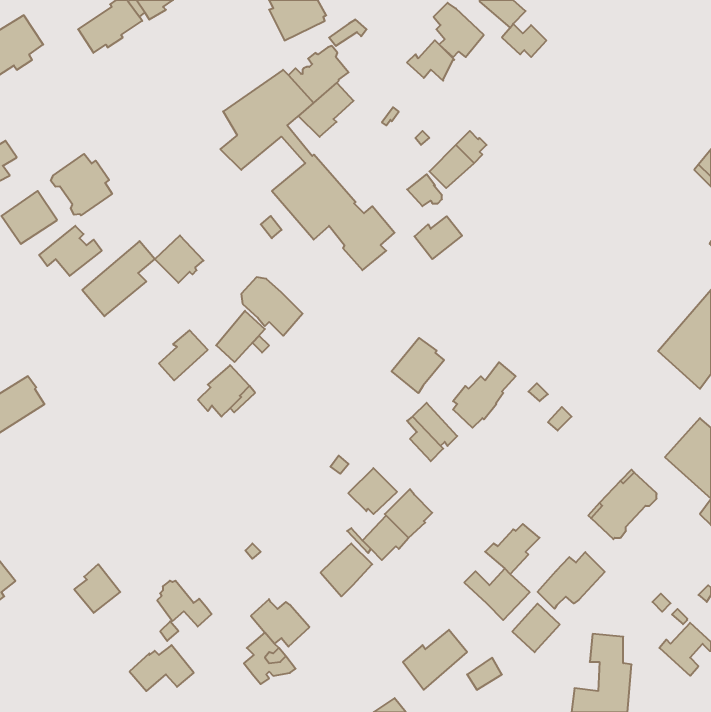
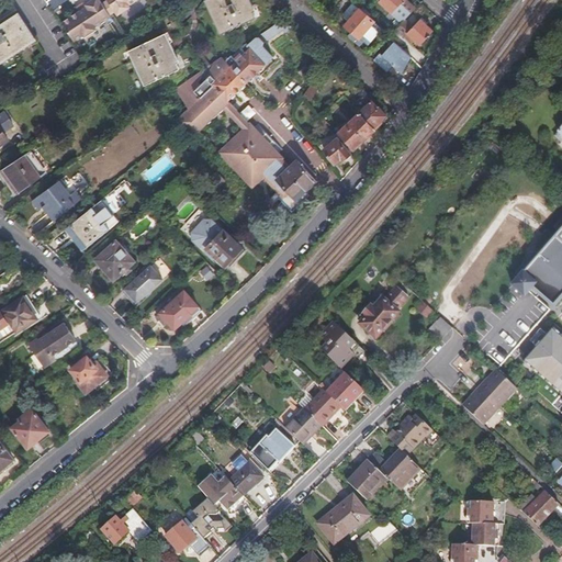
building: [407,40,454,81] -> [372,42,409,74]
building: none -> [133,36,178,85]
building: [299,83,354,137] -> none
building: [51,154,112,215] -> none
building: [414,216,462,259] -> none
building: [155,235,204,283] -> [97,240,135,278]
building: [216,311,265,362] -> none
building: [392,338,444,393] -> none
building: none -> [27,323,74,369]
building: none -> [69,356,106,392]
building: [348,468,397,514] -> [326,370,364,406]
building: [538,552,605,609] -> none
building: [74,564,120,613] -> [11,407,47,446]
building: [157,581,212,627] -> [167,518,210,554]
building: none -> [228,458,263,494]
building: [512,604,560,652] -> [346,459,383,497]

